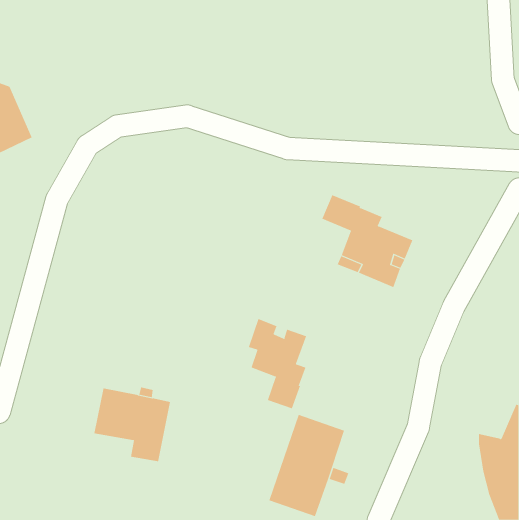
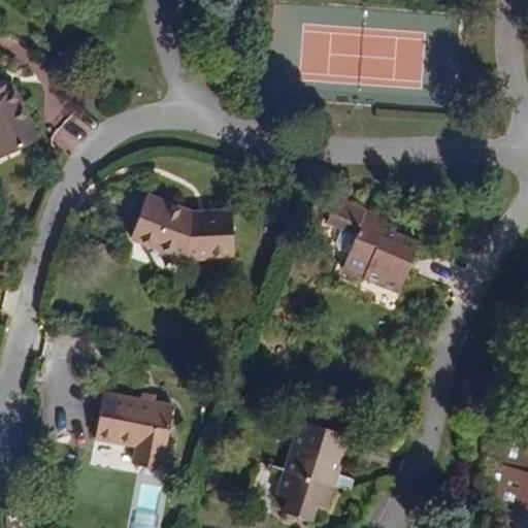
building: none -> [132,197,233,257]
building: [248,318,307,409] -> none

